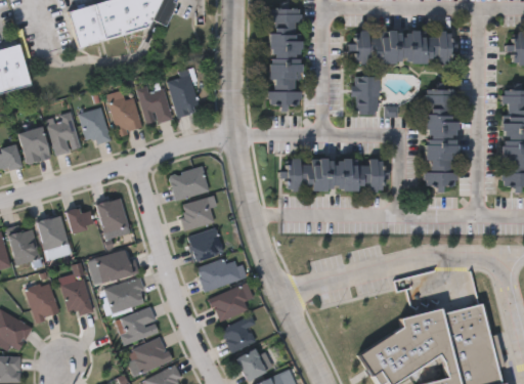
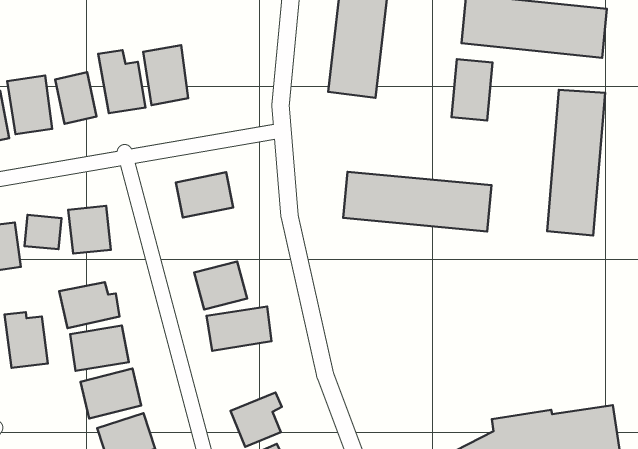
building: [166,72,201,117] -> none
building: [178,197,217,229] -> none
building: [209,283,253,322] -> none

